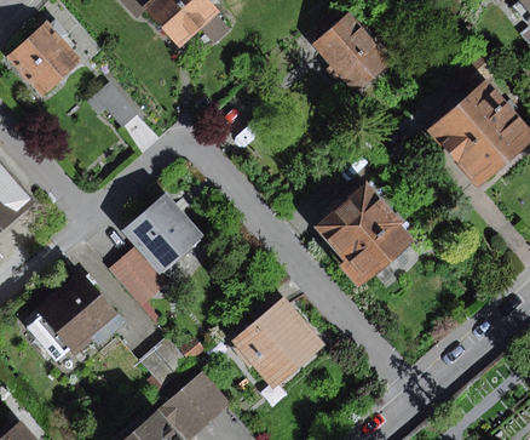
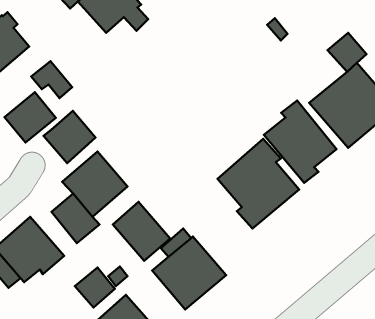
building: [313,13,391,92] -> none
building: none -> [5,92,56,142]
building: none -> [264,101,337,183]
building: none -> [43,111,96,163]
building: none -> [113,202,170,261]

